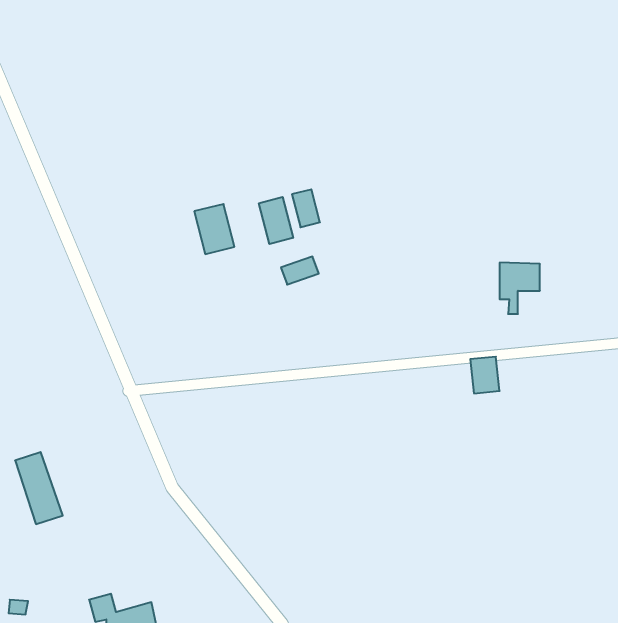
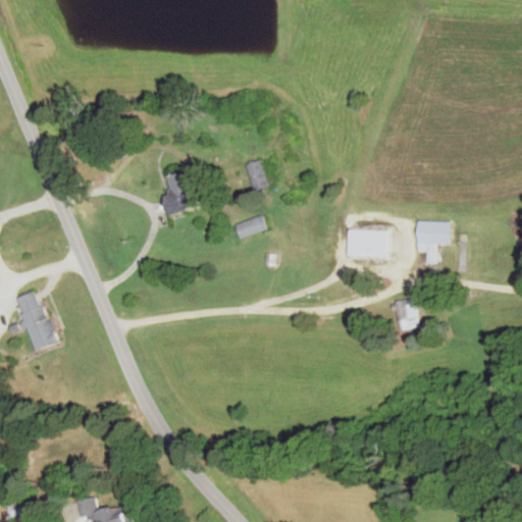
building: [259,197,293,244] -> none
building: none -> [349,229,387,258]
building: [15,452,63,524] -> [16,291,56,351]

